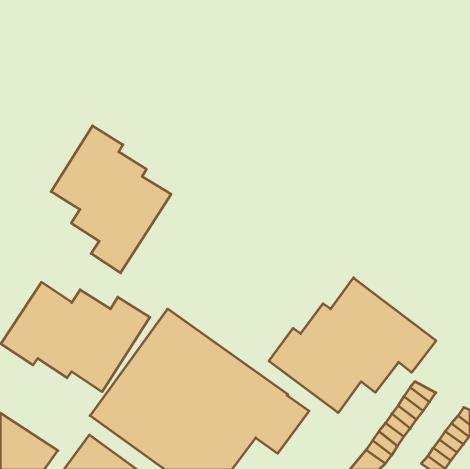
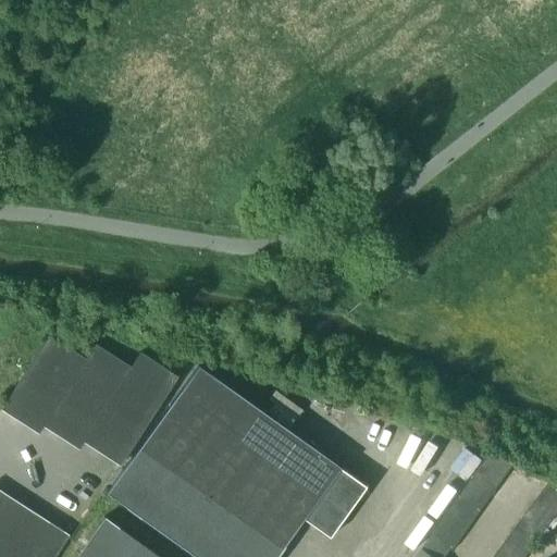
building: [51,126,171,273] -> none
building: [269,278,436,413] -> none

